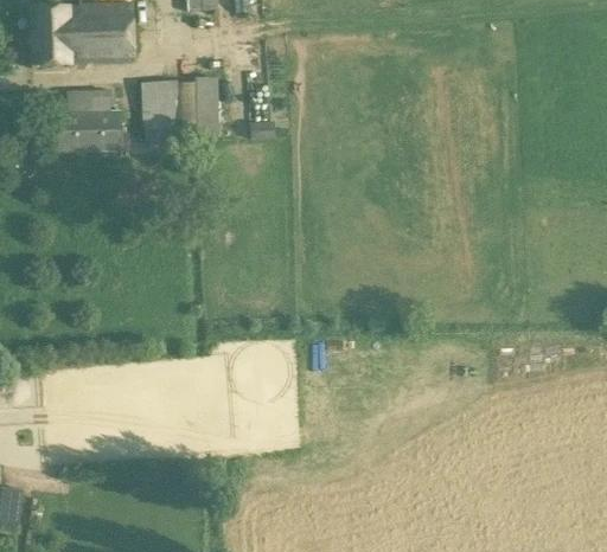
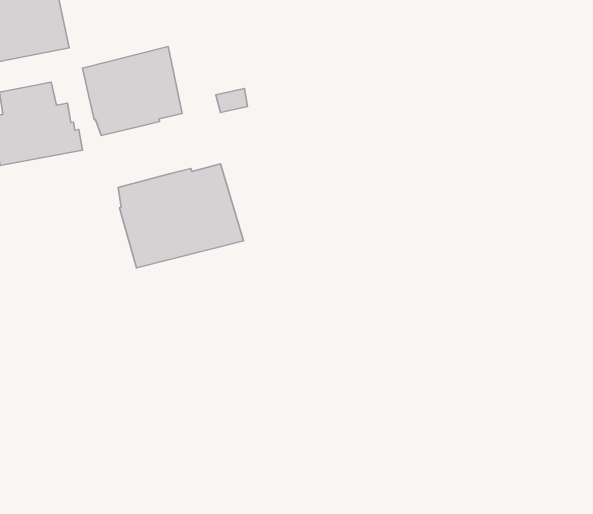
building: none -> [118,164,244,268]

